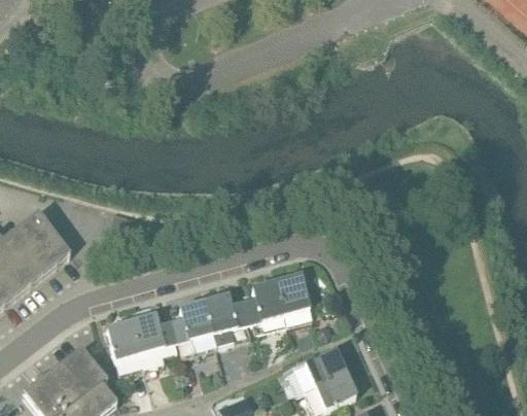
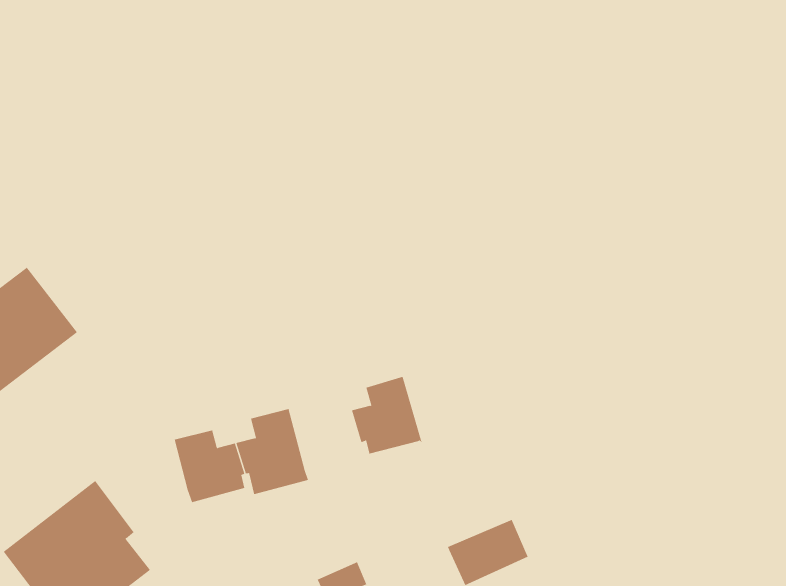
building: [276,274,312,322] -> none
building: [204,293,249,341] -> none
building: [107,320,142,367] -> none
building: [294,348,345,388] -> none

